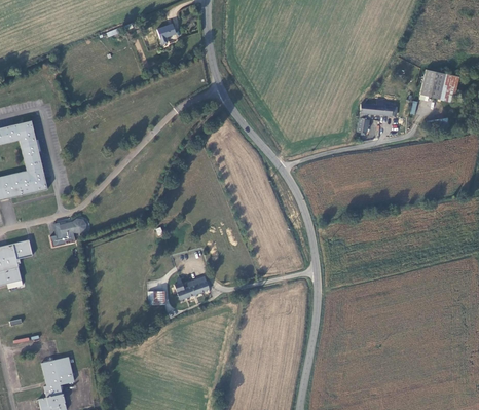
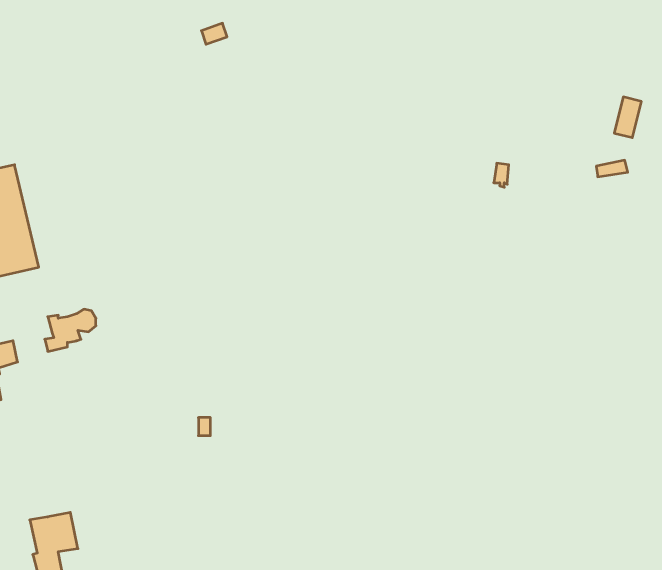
building: [420,68,446,98] -> none
building: [361,98,396,116] -> none
building: [174,275,210,300] -> none

